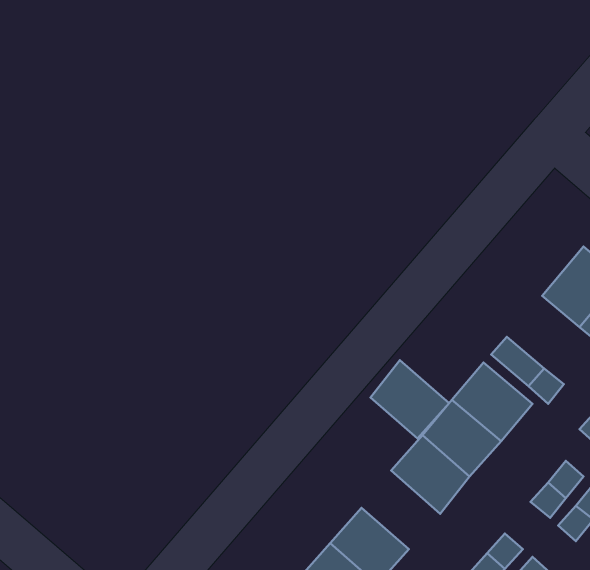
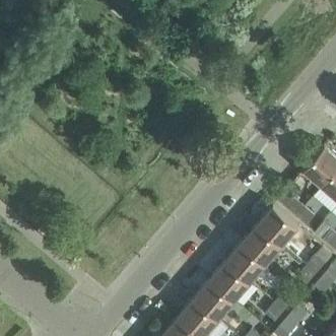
building: [370,360,449,439] -> [208,263,249,304]

